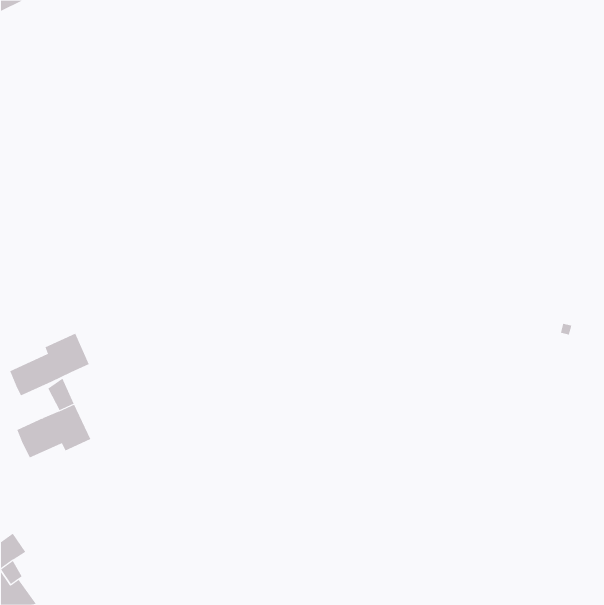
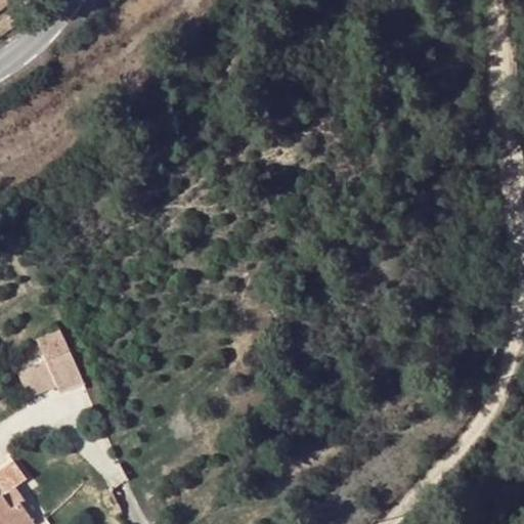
building: [10,333,90,396] -> none

